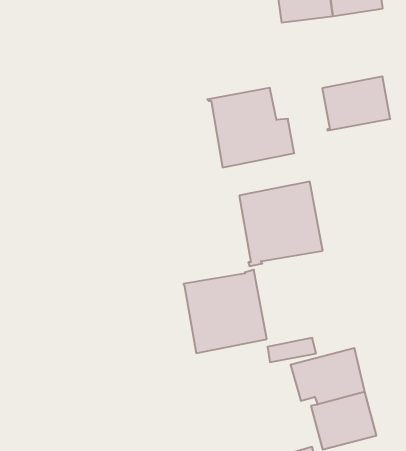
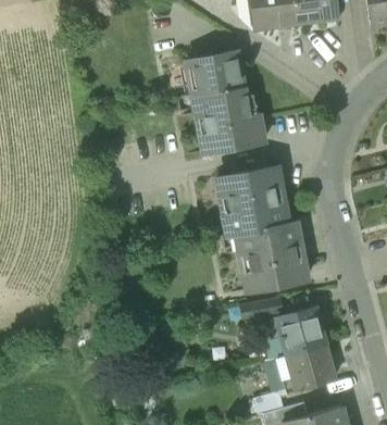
building: [322,77,390,130] -> [185,51,242,97]
building: [183,270,267,353] -> [235,222,305,292]

